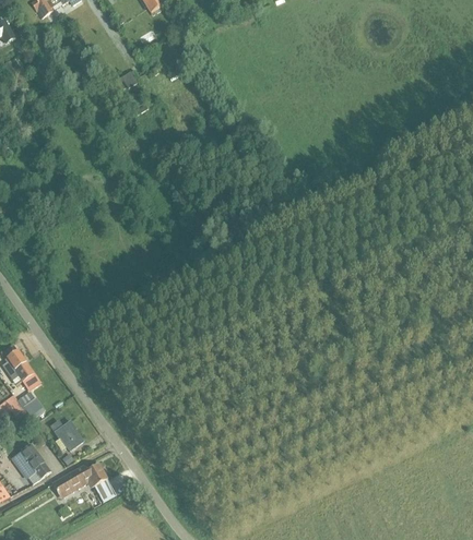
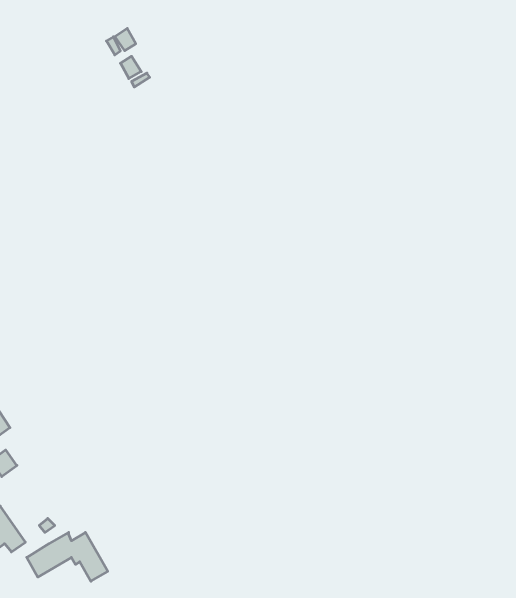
building: [51,420,84,451] -> none

